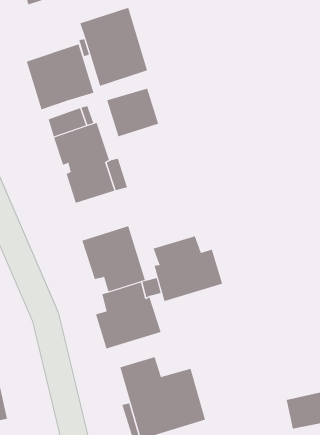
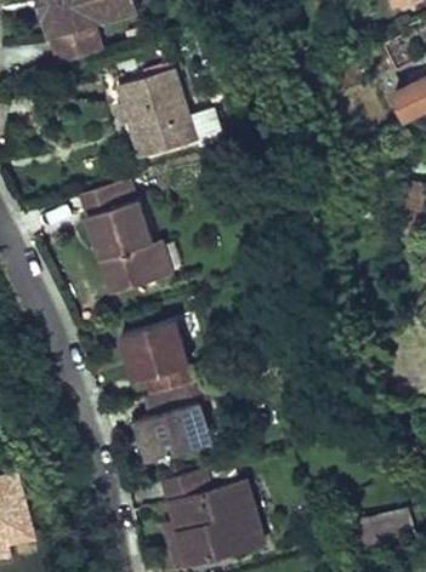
building: [26,44,94,110] -> none
building: [106,88,159,137] -> none
building: [153,236,223,302] -> none

